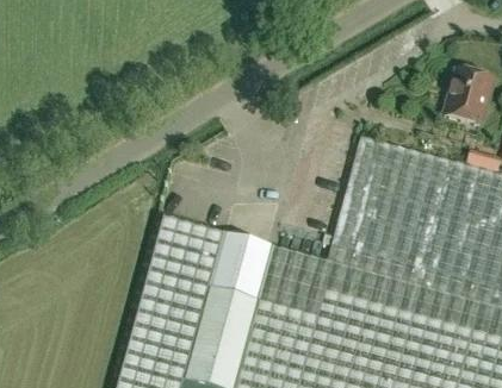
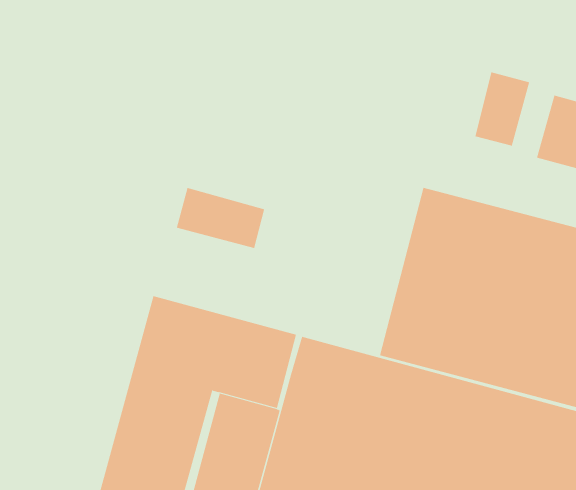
building: none -> [475,72,530,146]
building: none -> [176,187,265,249]

